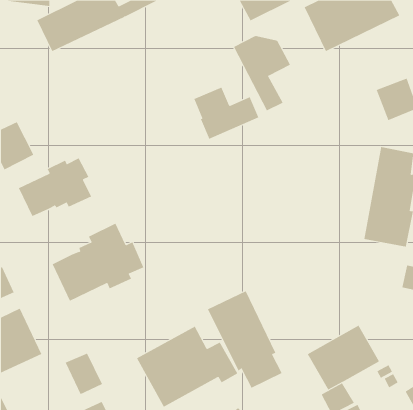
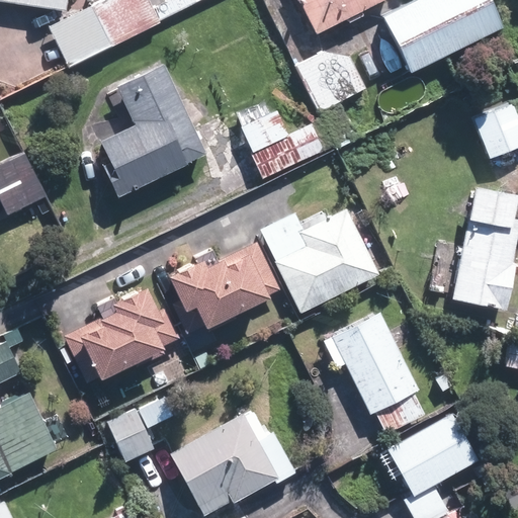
building: none -> [95,68,204,201]
building: [18,158,92,217] -> none
building: none -> [260,206,381,313]
building: none -> [168,243,280,334]
building: [207,290,283,388] -> [333,312,427,434]
building: [65,353,103,395] -> [108,409,156,461]

